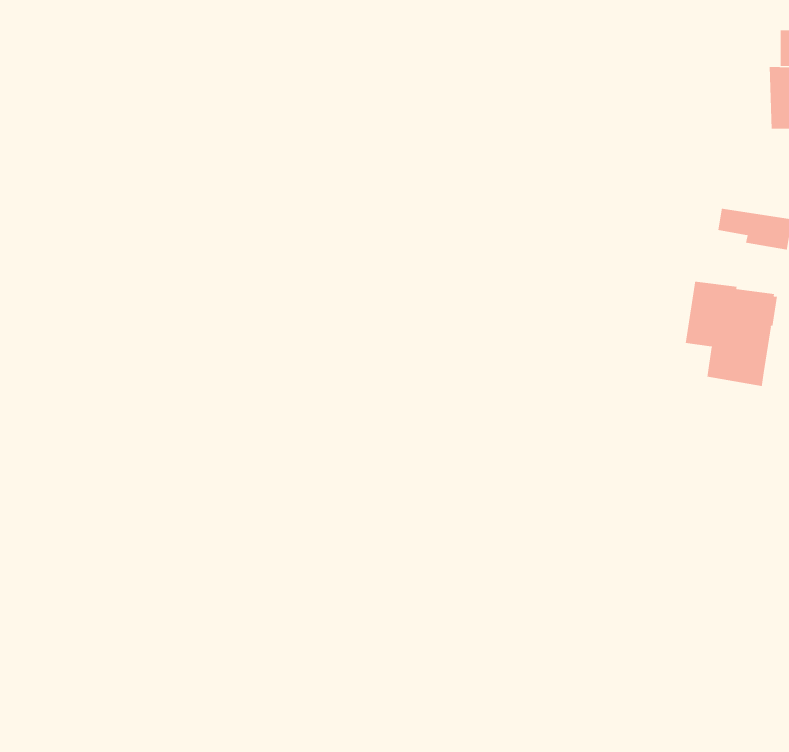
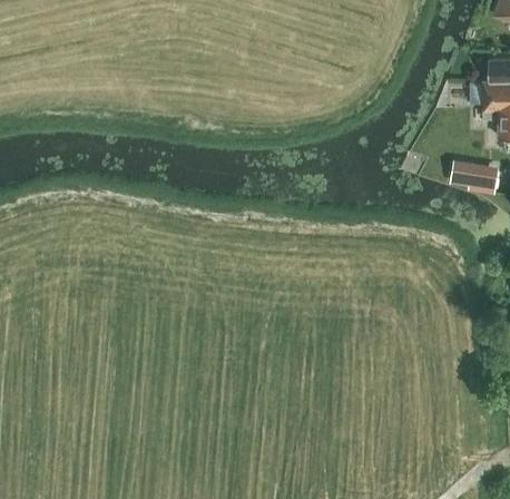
building: [685,281,778,387] -> none

